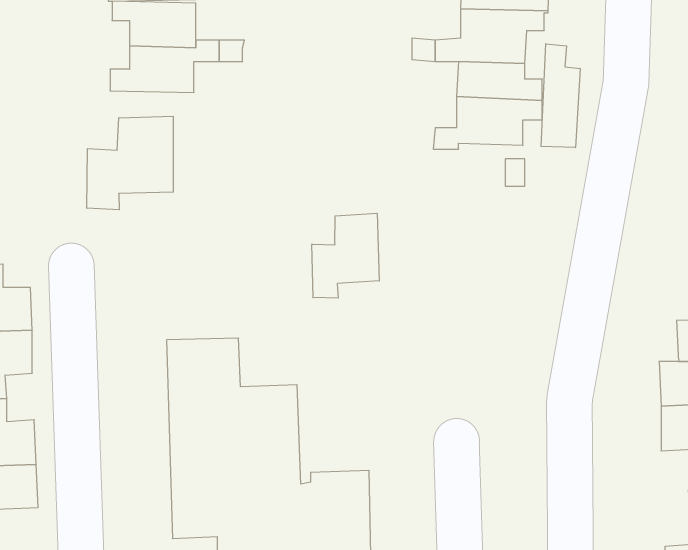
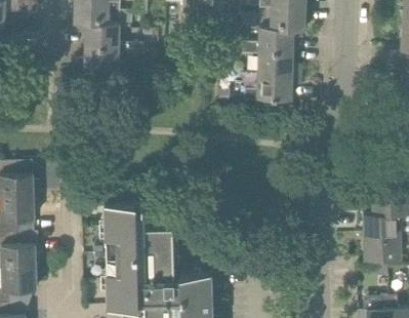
building: [541,44,580,148] -> none
building: [87,116,173,210] -> none
building: [312,213,379,298] -> none

